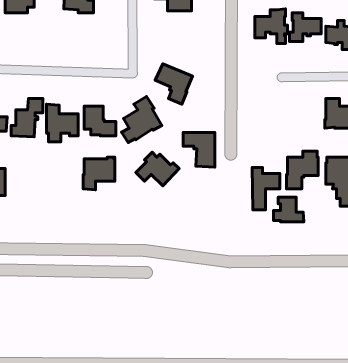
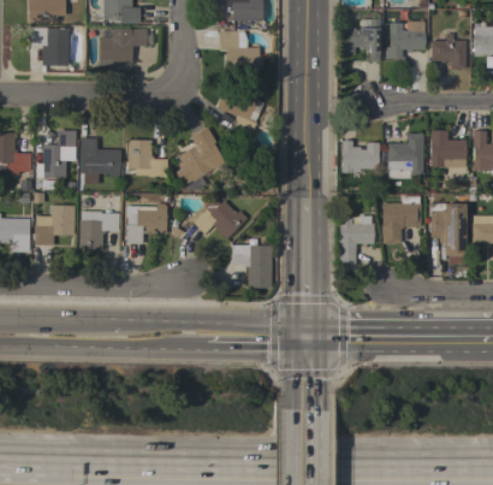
building: none -> [28,26,69,65]
building: none -> [99,28,145,65]
building: none -> [219,31,262,71]
building: none -> [387,134,423,178]
building: none -> [340,141,379,172]
building: [183,133,215,167] -> [231,246,271,289]
building: none -> [34,205,75,246]
building: none -> [78,211,119,249]
building: [274,197,304,222] -> none

